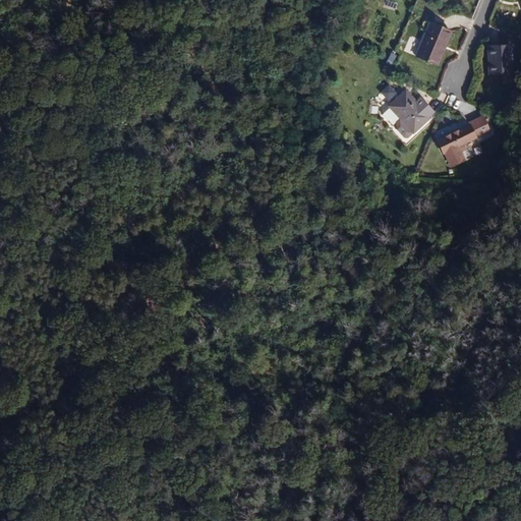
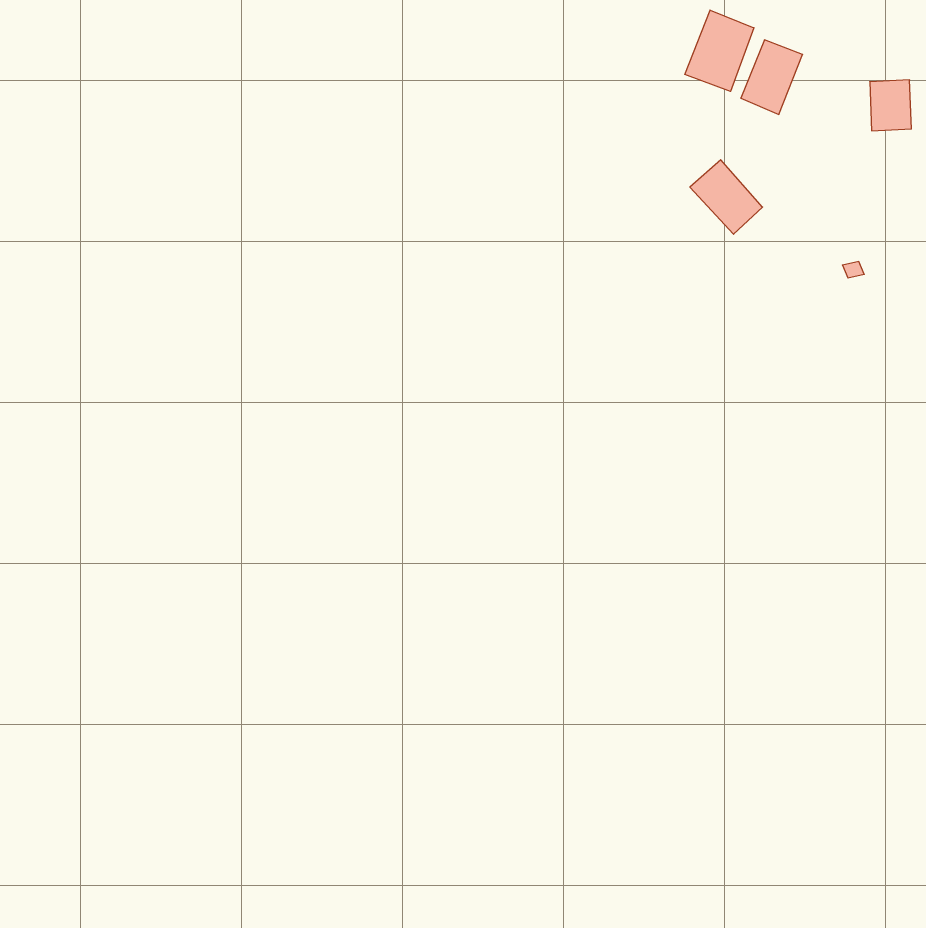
building: none -> [685,10,754,91]
building: [436,116,489,164] -> none

